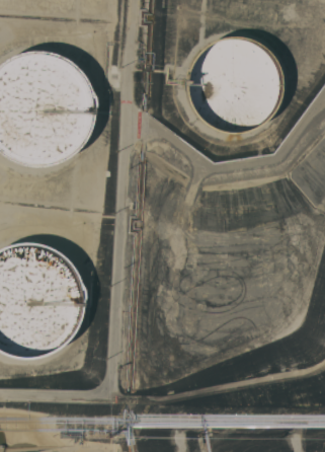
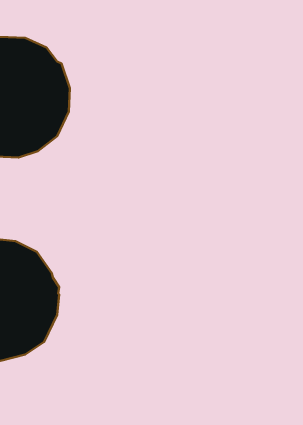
building: [197,41,278,130] -> none

